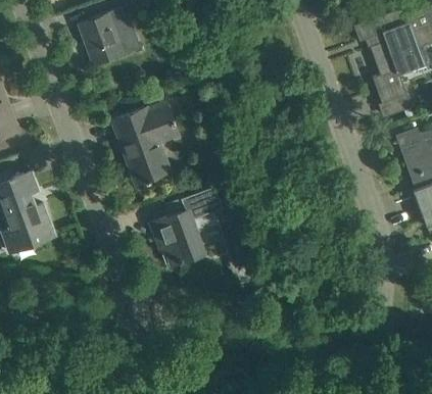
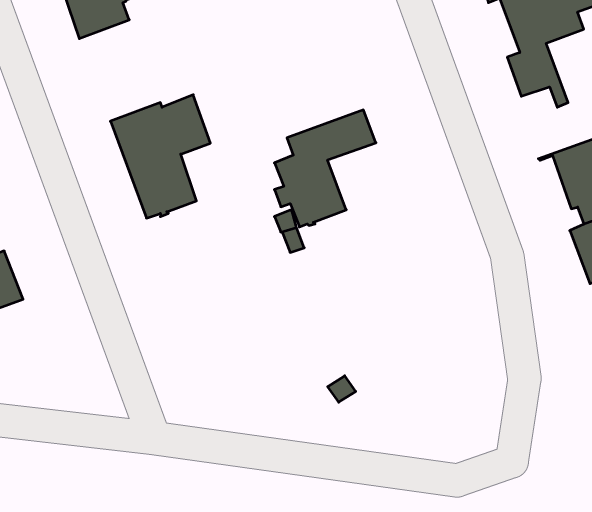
building: [156,187,223,263] -> [274,110,376,227]

